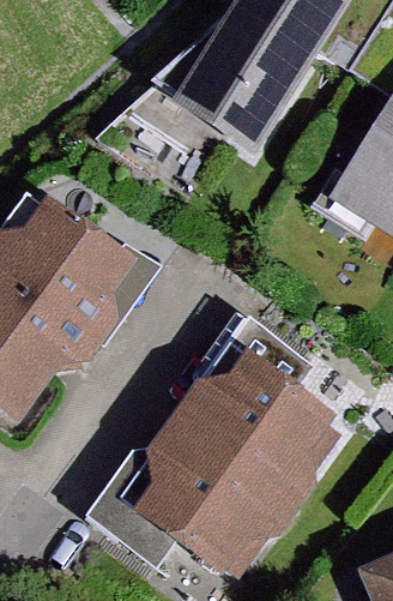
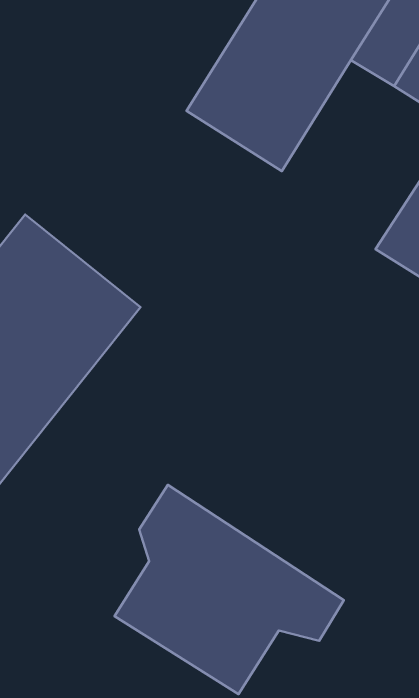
building: [168,336,344,499] -> none

